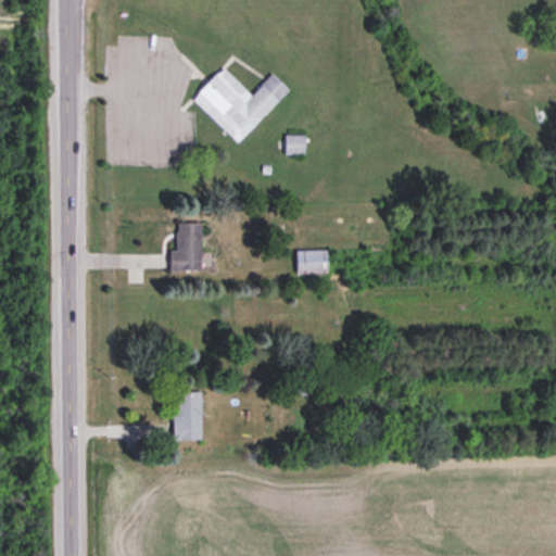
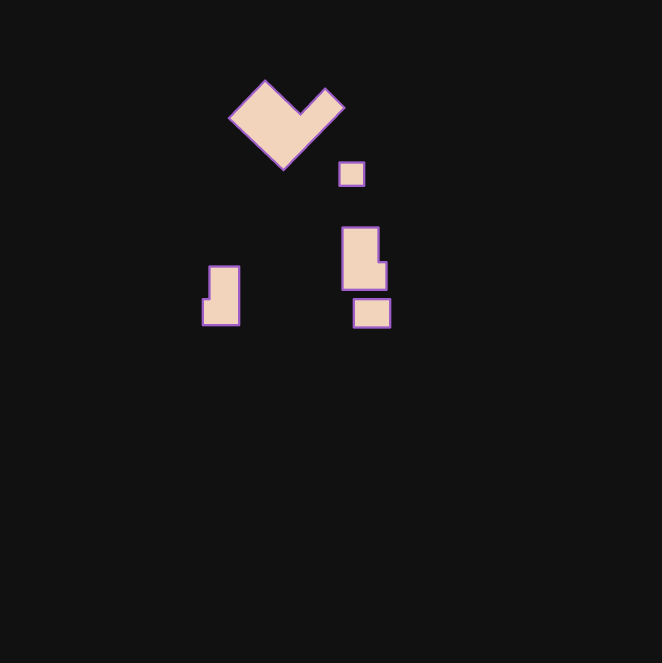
building: none -> [343,228,386,290]
building: [175,392,202,440] -> none

